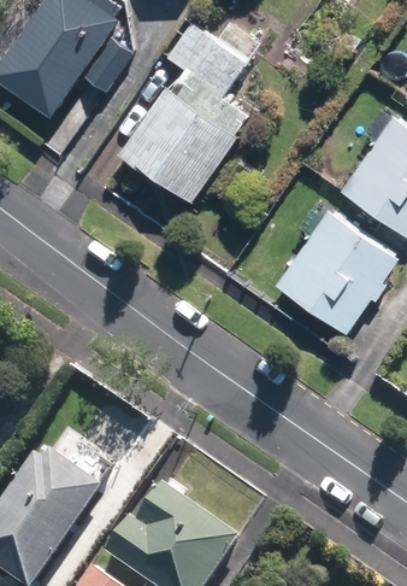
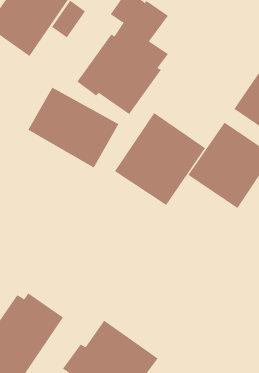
building: none -> [27,87,119,168]
building: none -> [114,112,206,206]

